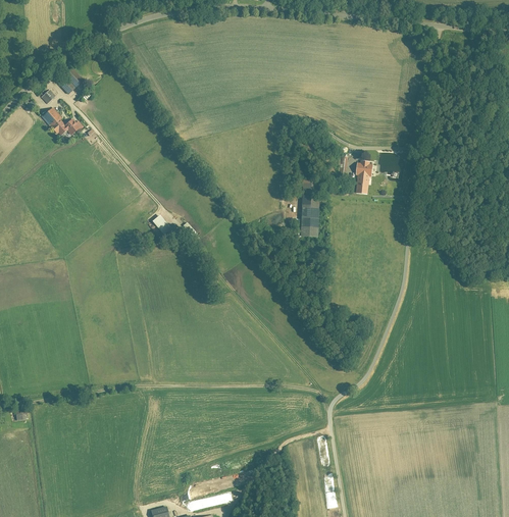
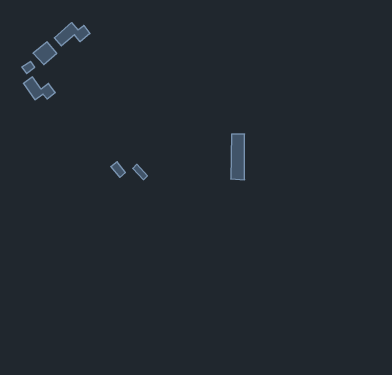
building: none -> [54,23,90,46]
building: [354,161,374,194] -> none

